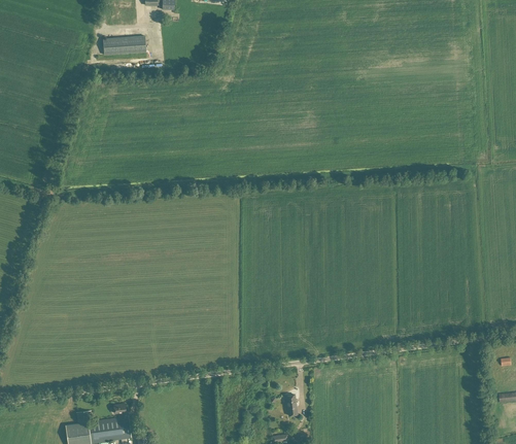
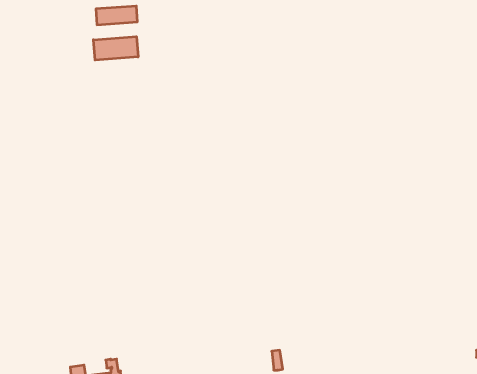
building: none -> [93,37,138,60]

